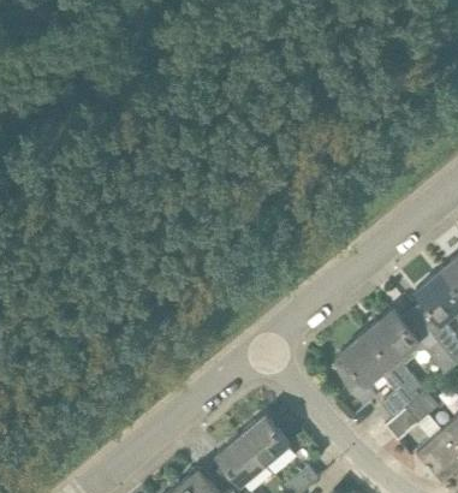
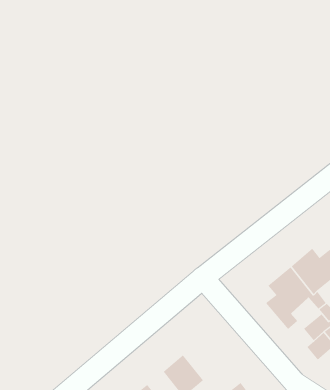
building: [240,416,289,465] -> none

